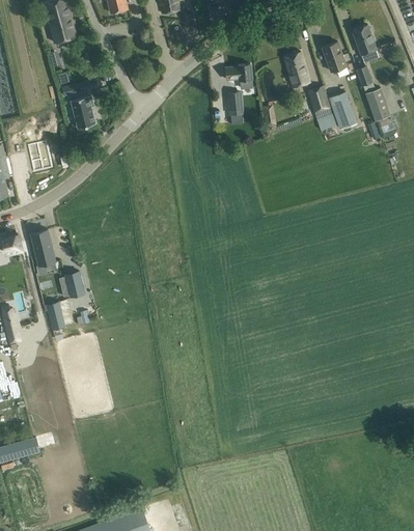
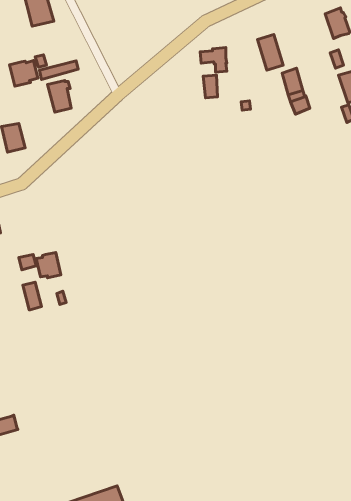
building: [322,41,347,72] -> none
building: none -> [9,61,38,86]
building: [328,91,357,130] -> none
building: [30,229,56,275] -> none

